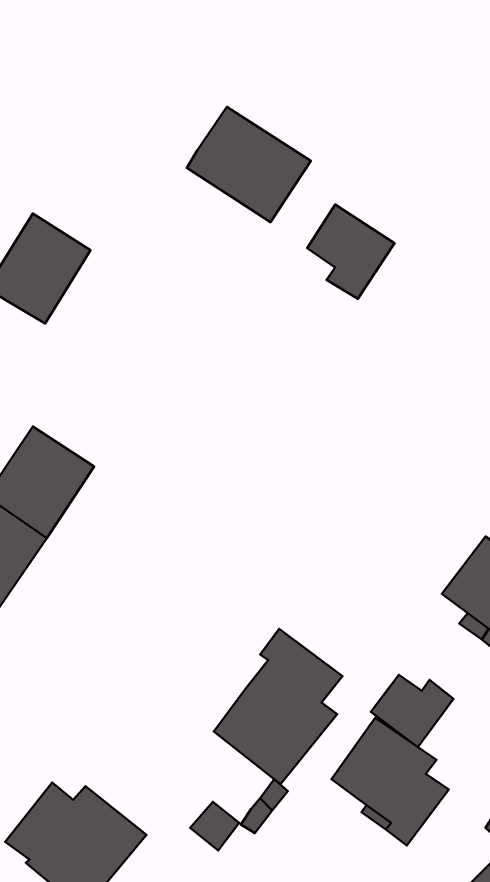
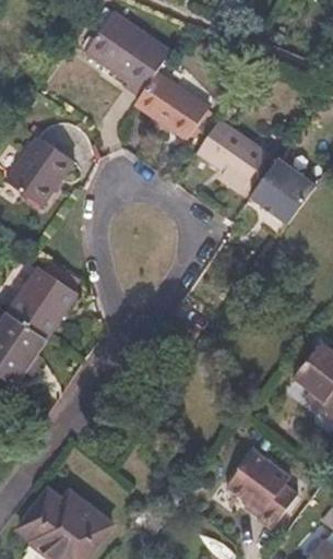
building: none -> [85,12,169,95]
building: none -> [251,159,316,223]
building: [214,629,343,784] -> none
building: [371,675,454,747] -> none

